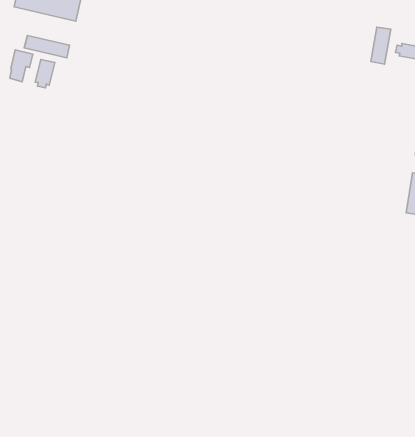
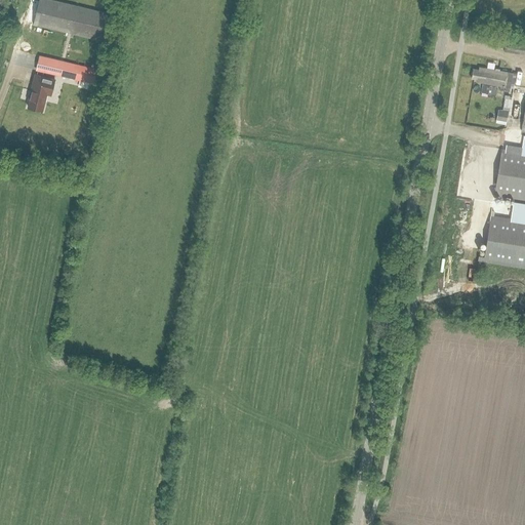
building: [371,27,391,64] -> none
building: [35,59,55,88] -> none

